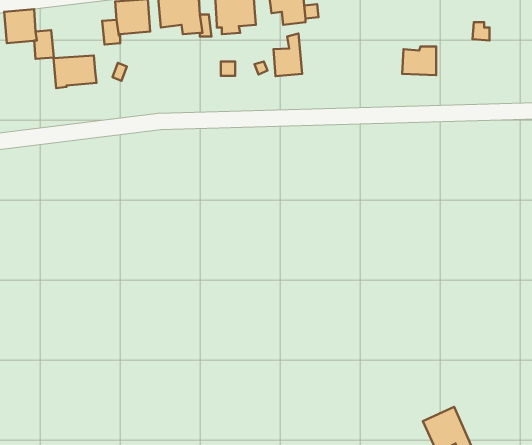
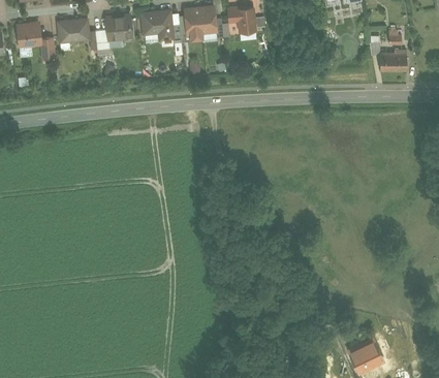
building: [273,34,302,76] -> none
building: [402,47,436,75] -> [379,50,406,72]
building: [54,55,97,88] -> [57,18,91,43]

